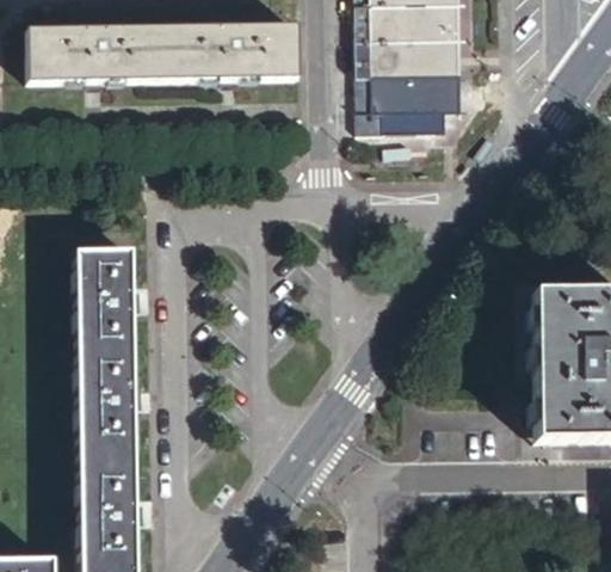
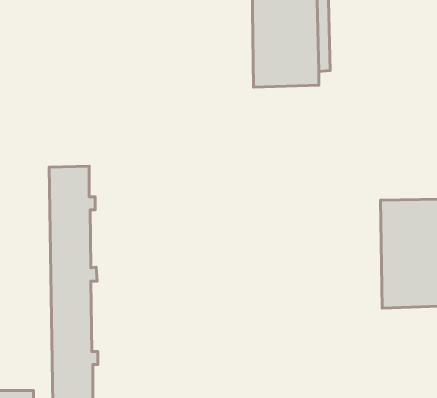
building: [23,24,294,85] -> none

